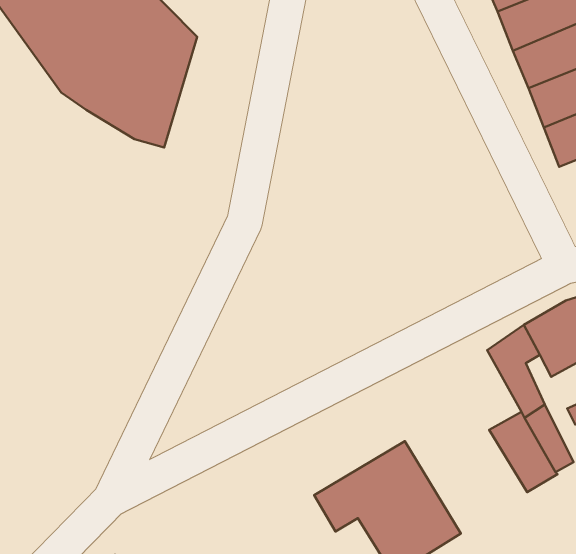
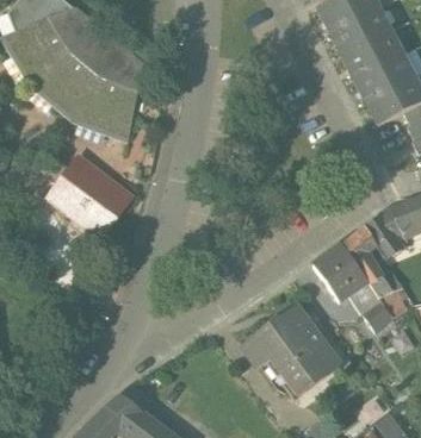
building: none -> [54,162,128,234]
building: none -> [312,245,367,302]

